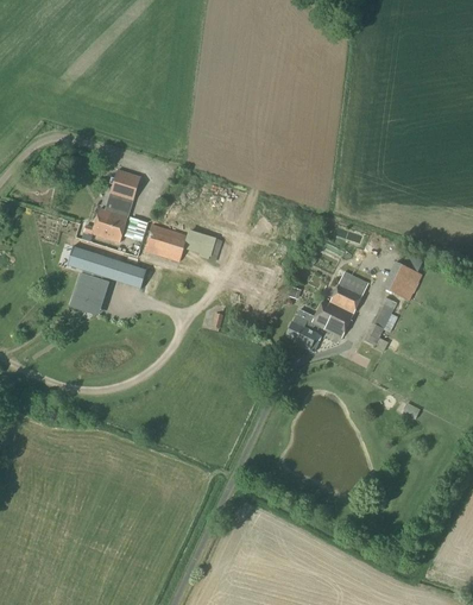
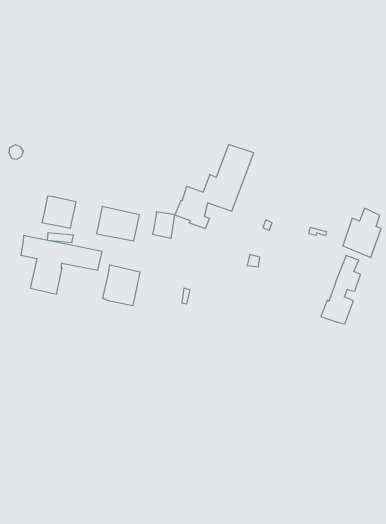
building: [106,170,140,212] -> none
building: [285,272,368,352] -> [175,144,254,229]
building: none -> [103,265,140,306]

